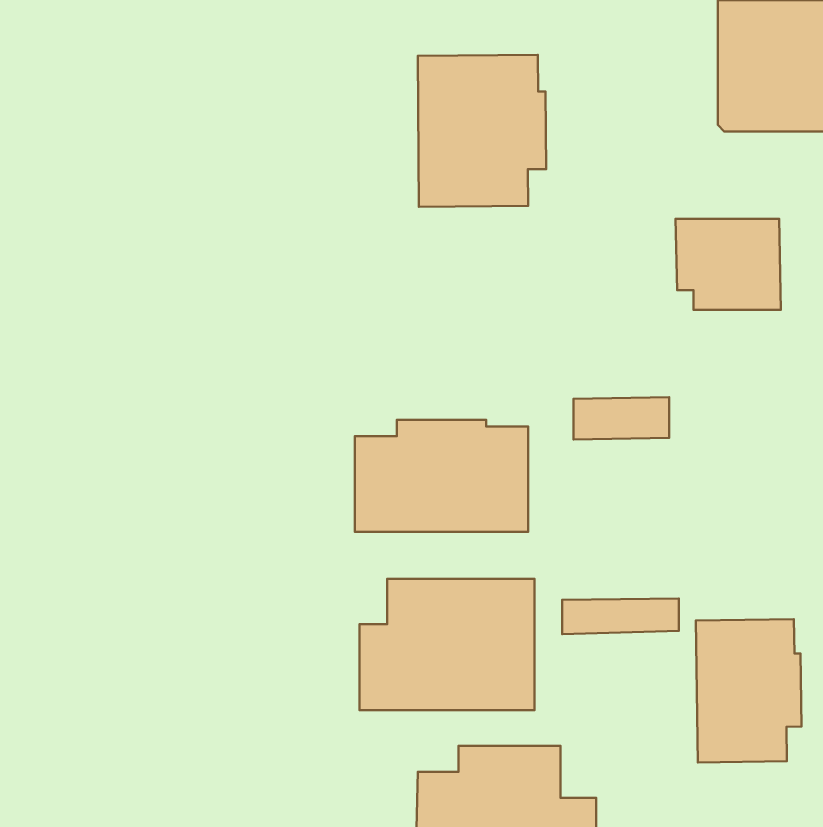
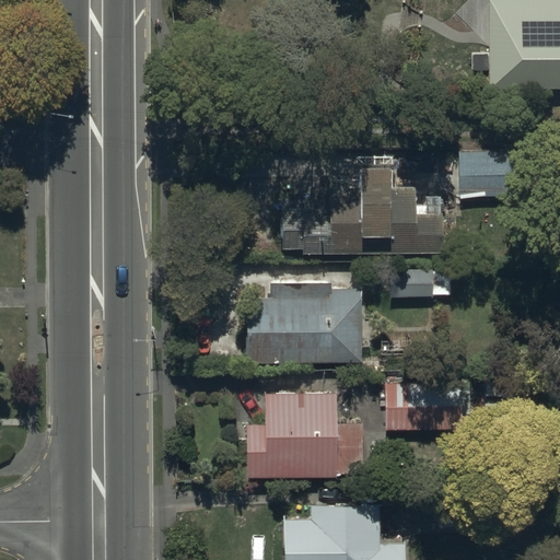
building: [418,55,546,207] -> none
building: none -> [284,163,446,254]
building: [696,619,802,762] -> none

